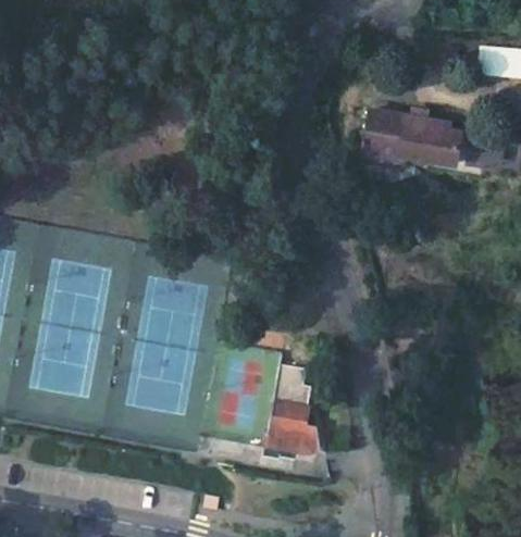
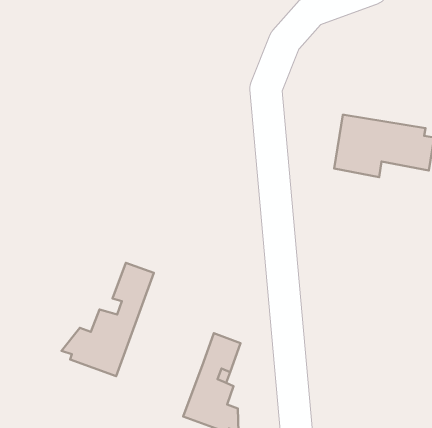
building: none -> [62,263,154,376]

